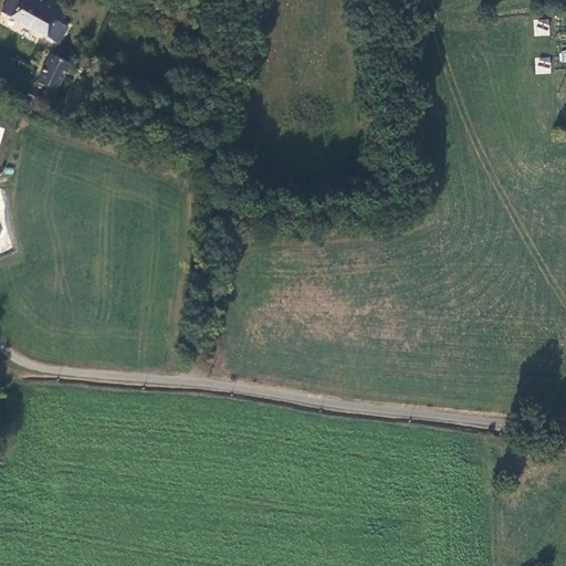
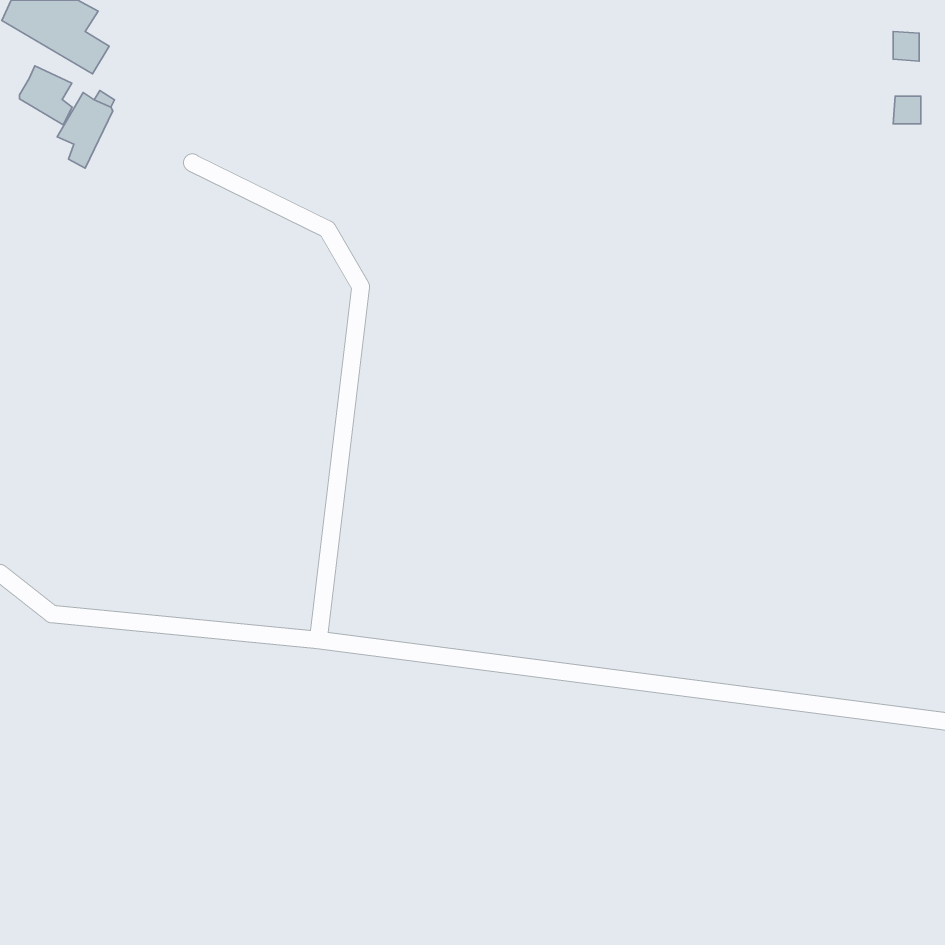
building: none -> [19,66,72,125]

